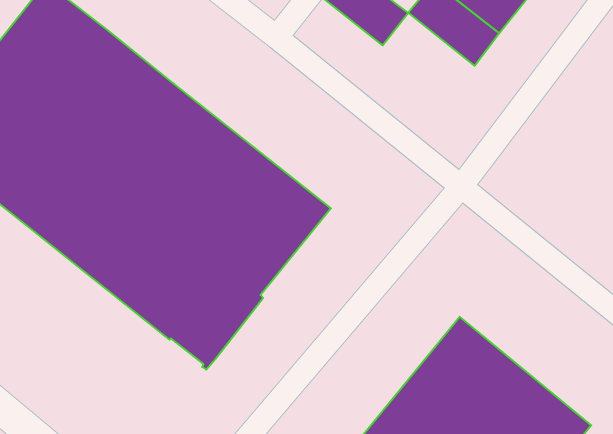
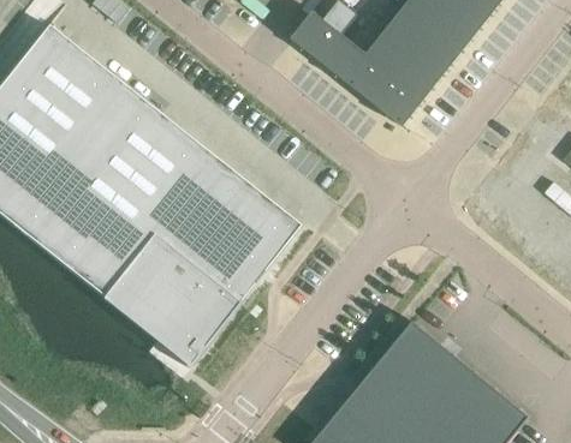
building: none -> [344,50,426,126]

